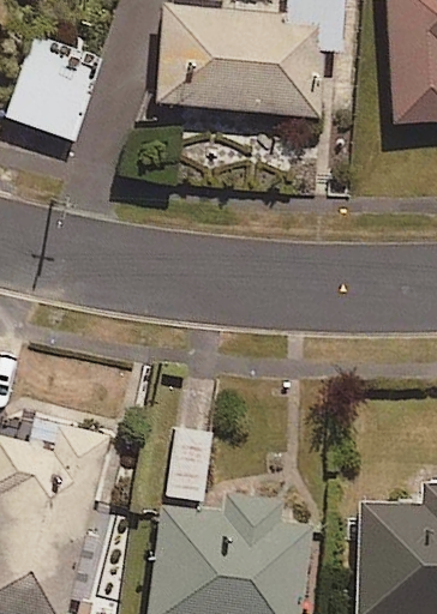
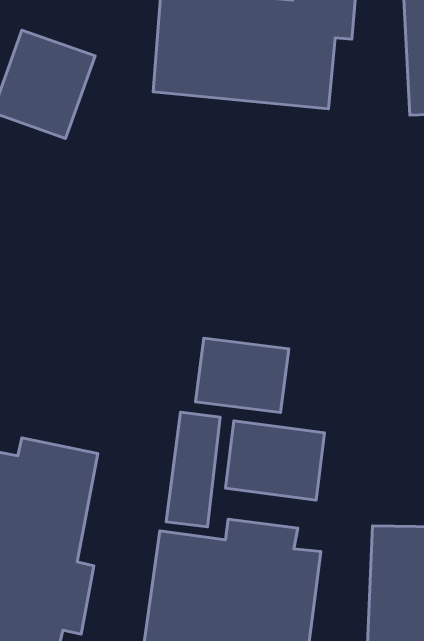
building: none -> [195,338,289,413]
building: none -> [225,421,325,500]

